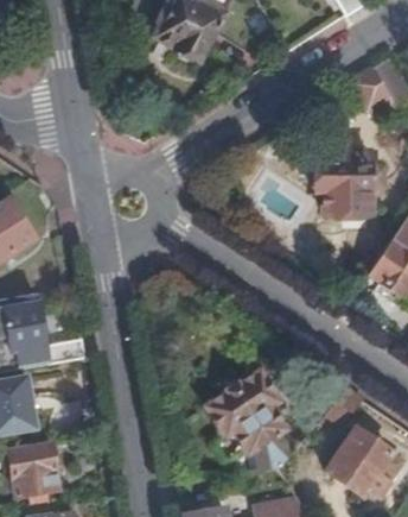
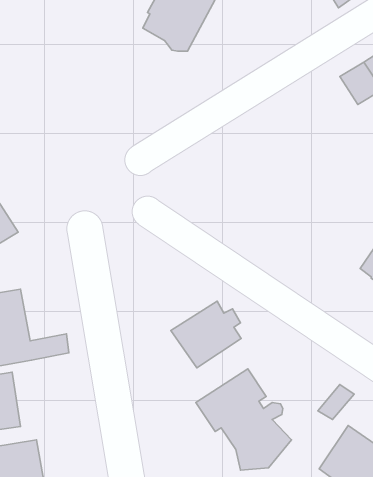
building: [308,151,369,212] -> none
building: none -> [171,301,241,368]

